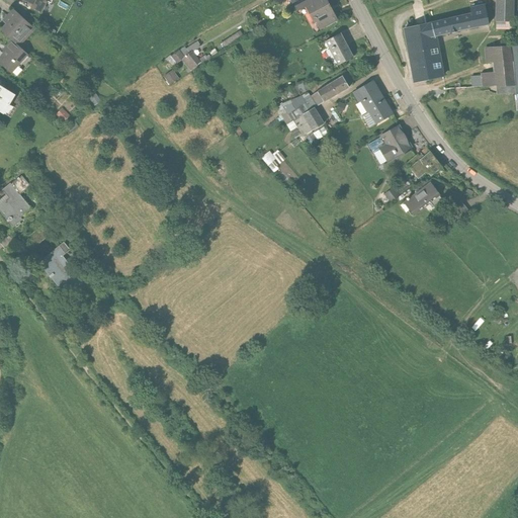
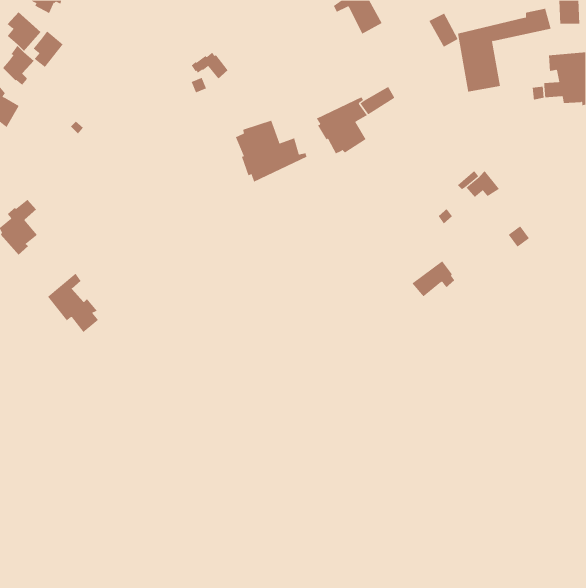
building: none -> [33,31,64,68]
building: [325,33,351,64] -> [428,13,458,47]
building: [352,80,391,126] -> none
building: none -> [235,120,307,183]
building: [367,124,410,160] -> none
building: [402,180,440,212] -> [412,260,455,297]

